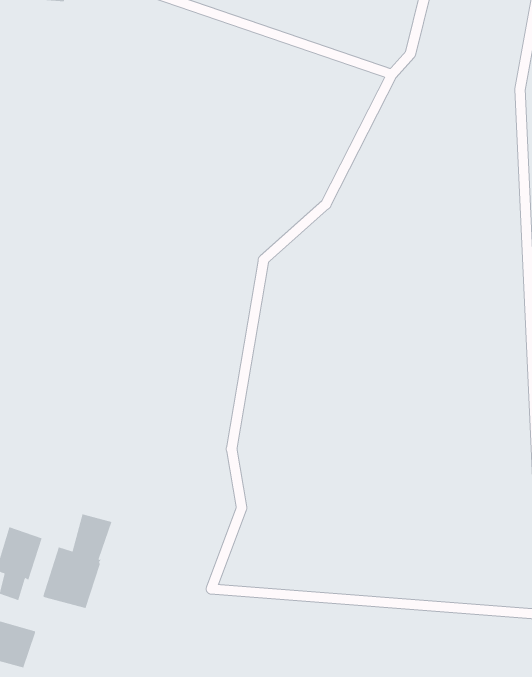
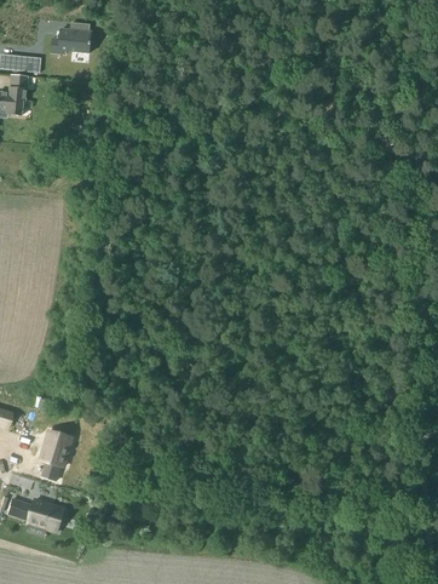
building: [42,514,112,609] -> none

